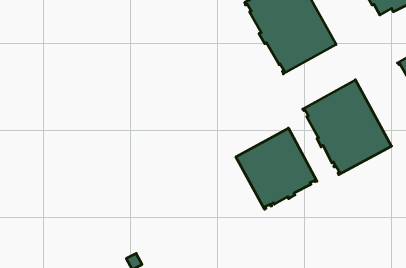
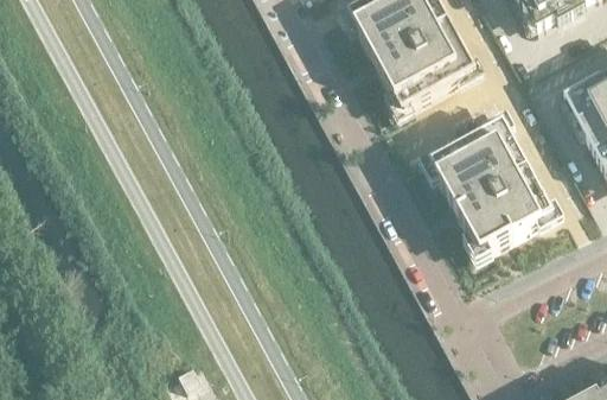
building: [236,128,317,209] -> none

